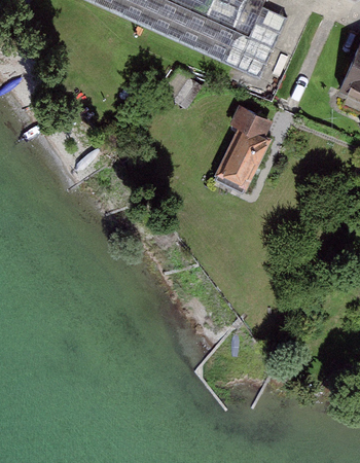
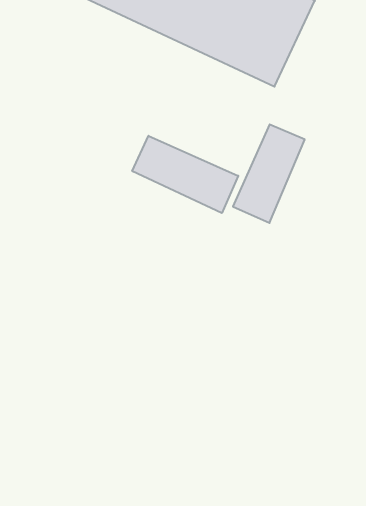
building: none -> [132,136,238,213]

